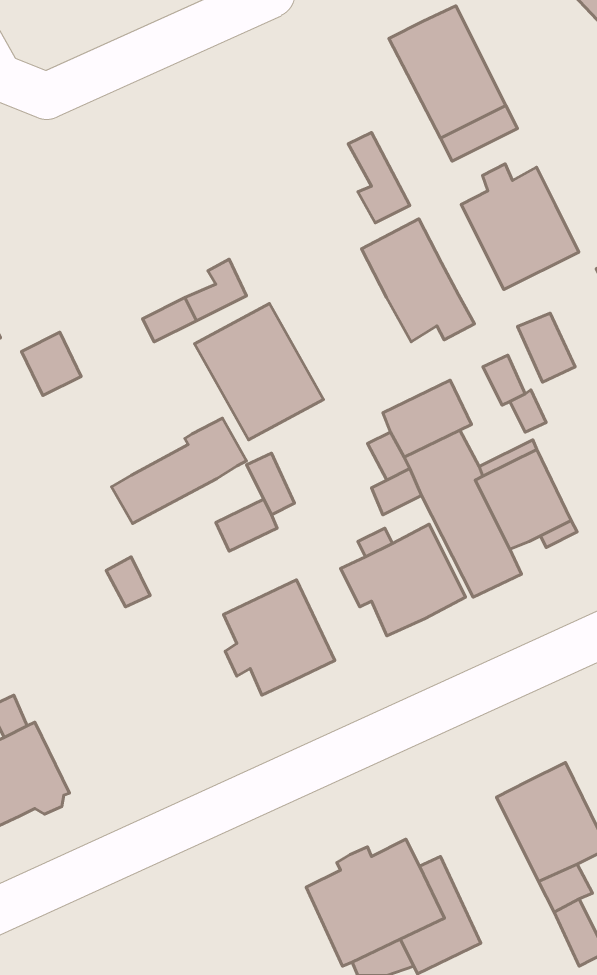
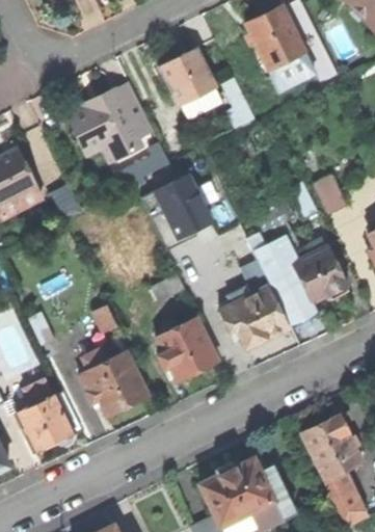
building: none -> [160,48,215,104]
building: none -> [66,83,153,158]
building: [461,164,579,289] -> none
building: [362,219,474,342] -> none
building: [112,418,247,524] -> none
building: none -> [79,351,148,416]

